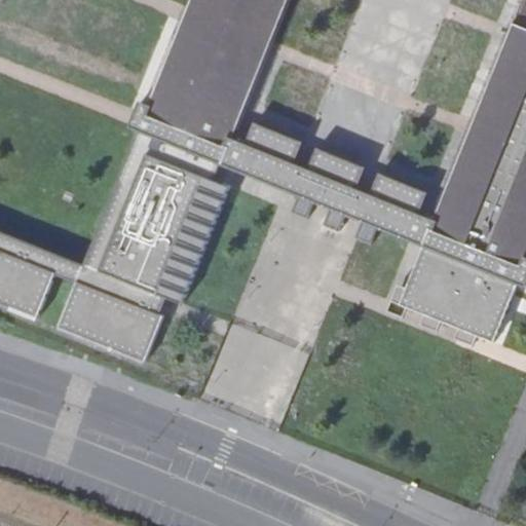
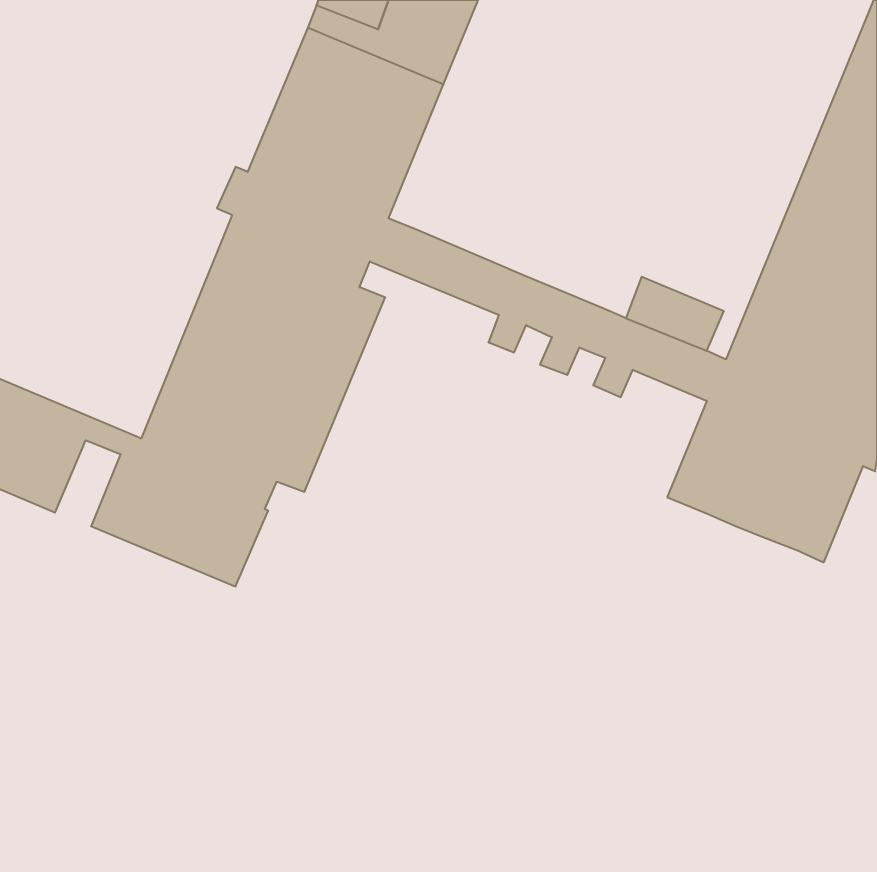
building: [248,118,305,161] -> none
building: [310,144,369,188] -> none

